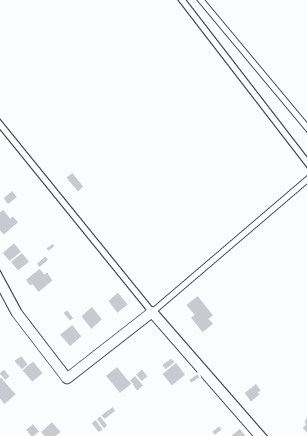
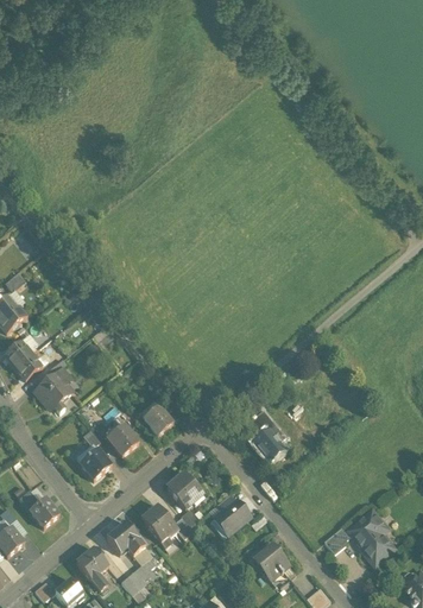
building: none -> [166,473,202,509]
building: none -> [348,514,394,566]
building: none -> [106,521,145,556]
building: none -> [253,544,290,582]
building: none -> [75,547,108,590]

